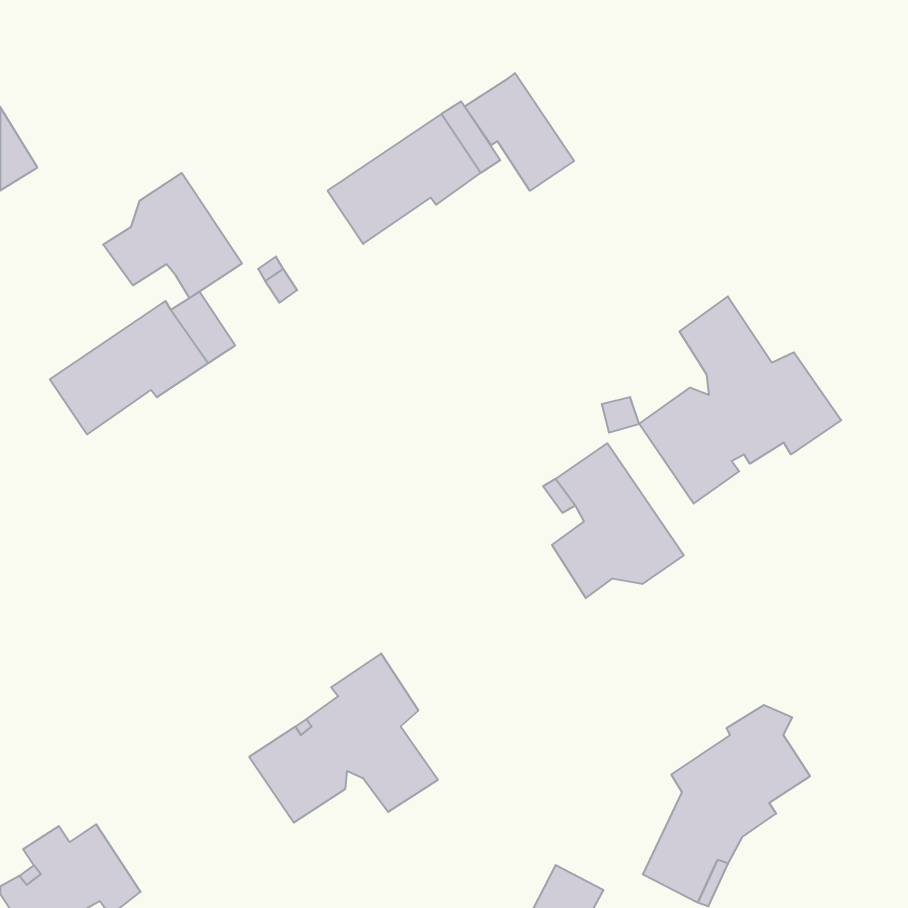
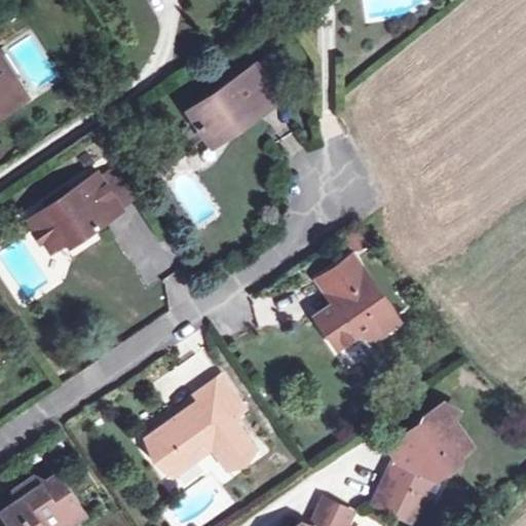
building: [465,73,574,191] -> none
building: [103,173,242,298] -> none
building: [639,296,841,504] -> none

